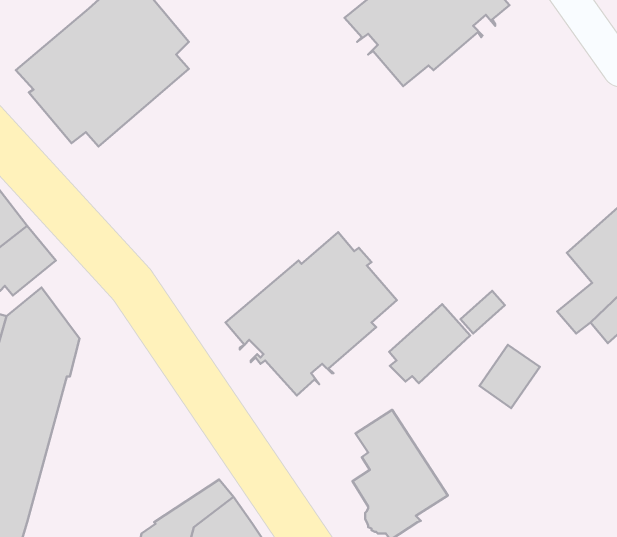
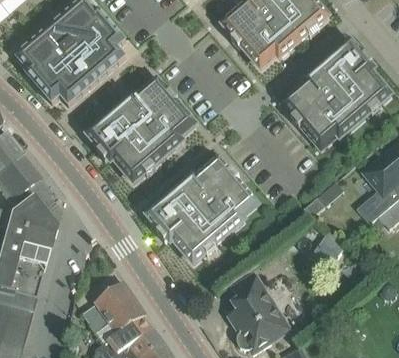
building: none -> [284,42,389,146]
building: none -> [88,79,194,180]
building: [389,304,470,383] -> none
building: none -> [82,280,145,341]

